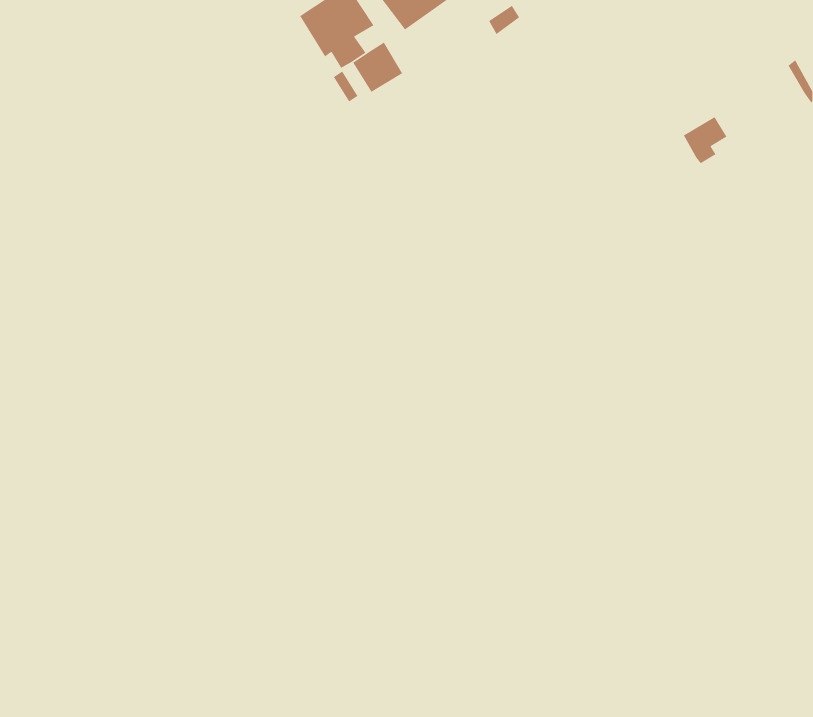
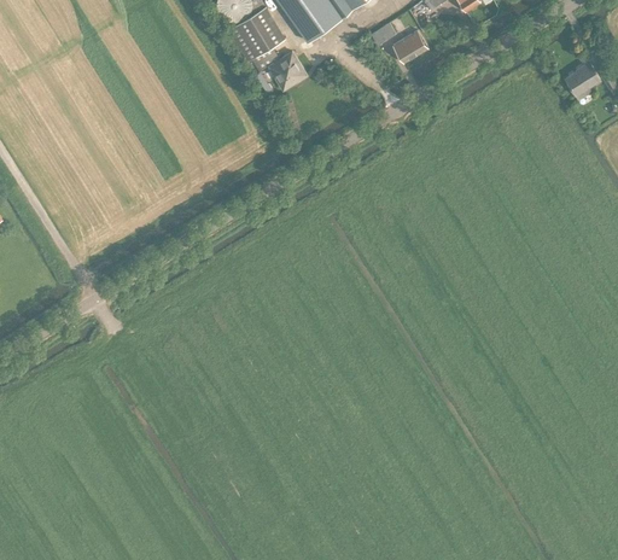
building: none -> [391,29,427,62]
building: [683,116,728,164] -> [565,62,599,98]

